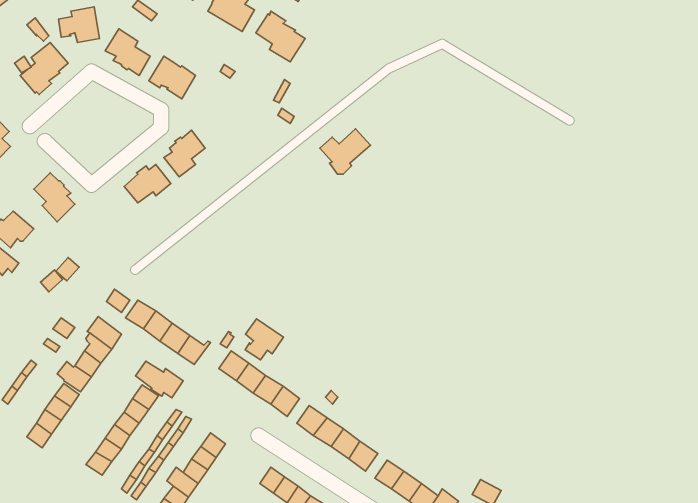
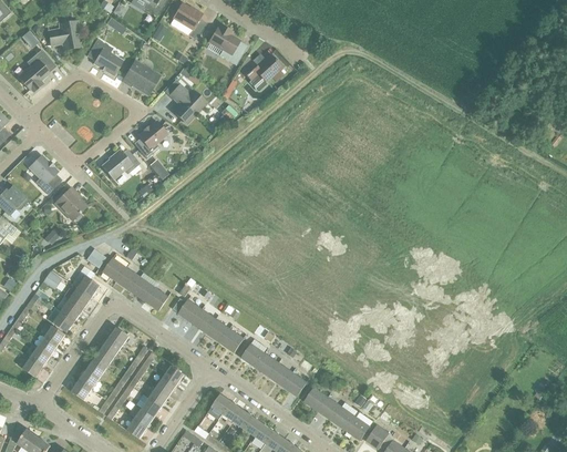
building: none -> [169,84,205,123]
building: [320,129,371,174] -> [240,53,281,90]
building: none -> [54,186,85,219]
building: [245,319,284,360] -> none
building: [135,361,183,398] -> none

